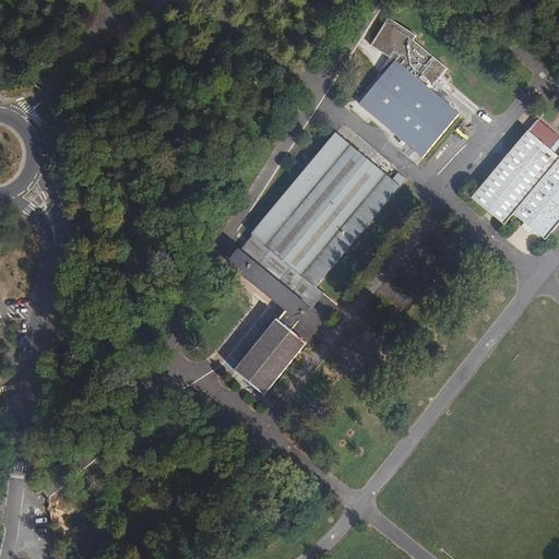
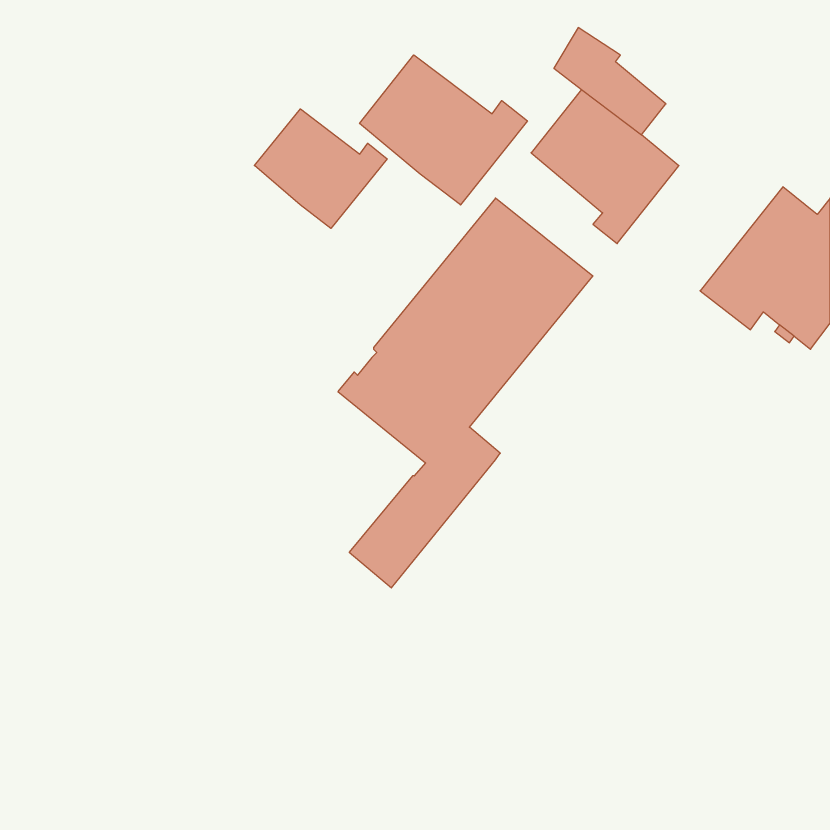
building: none -> [360,55,527,205]
building: none -> [254,109,387,228]

